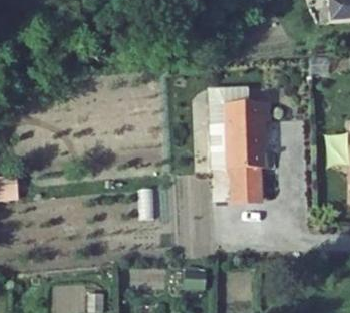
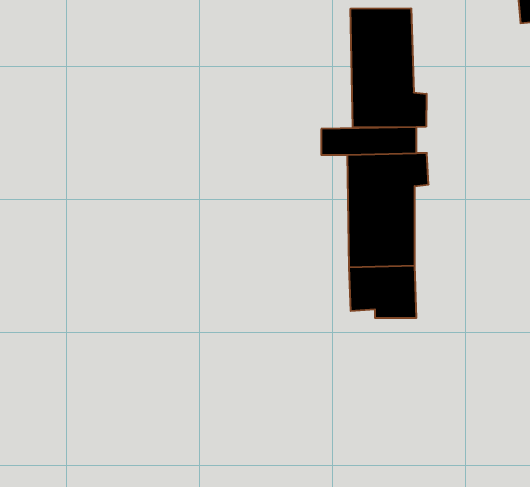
building: none -> [351,8,427,128]

